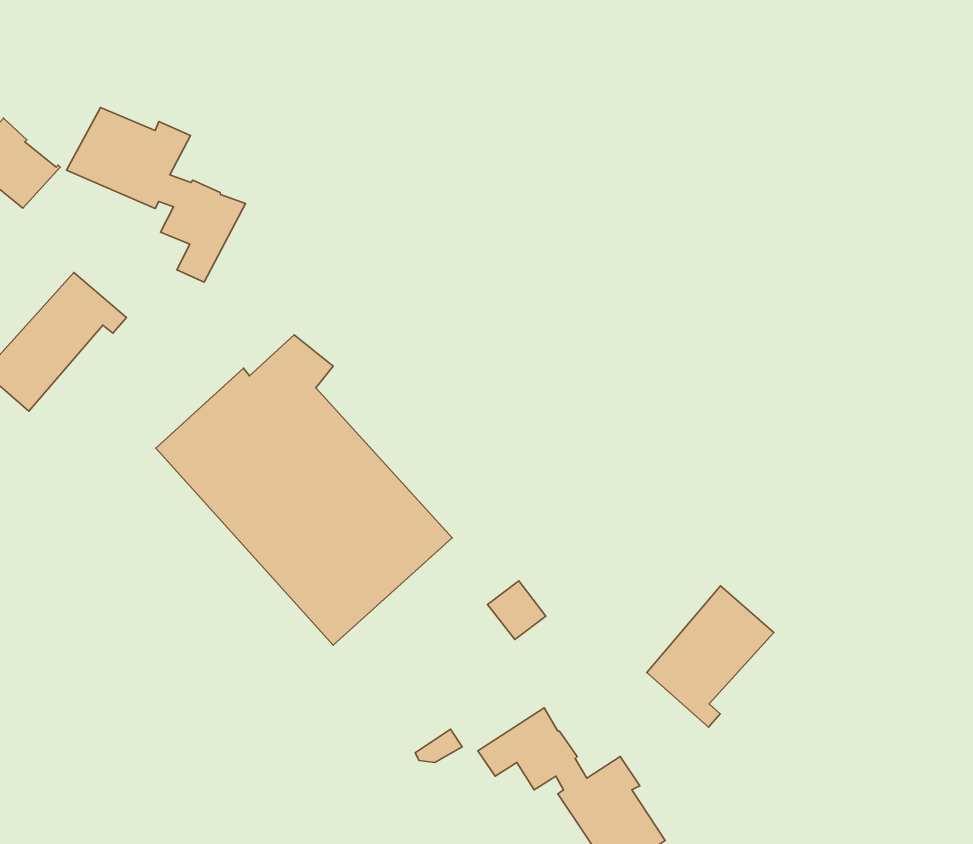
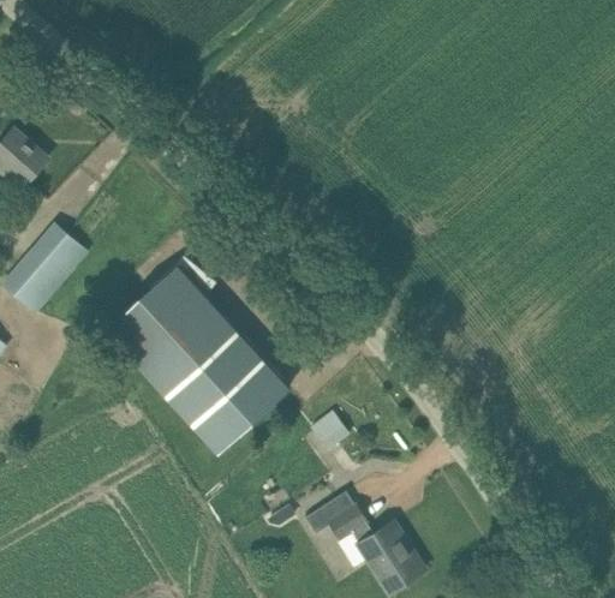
building: [66,107,246,282] -> none
building: [647,586,774,727] -> none

